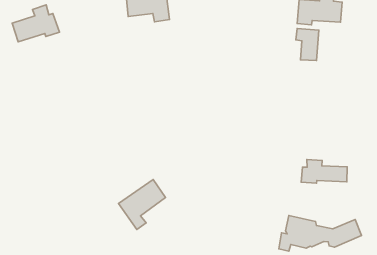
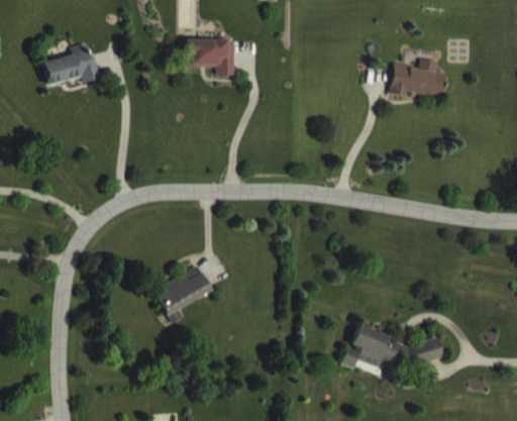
building: [296,28,319,61] -> none
building: [301,160,347,183] -> none

